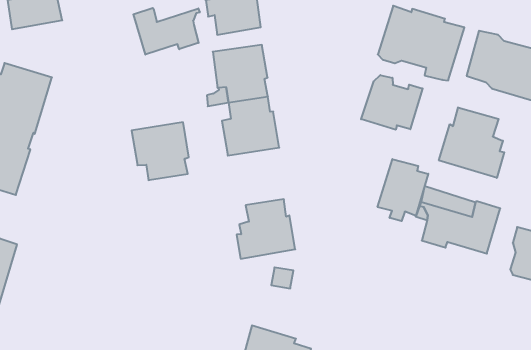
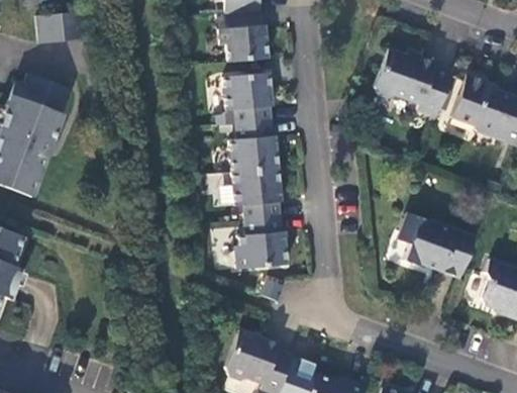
building: [133,8,200,55] -> none
building: [361,75,423,130] -> none
building: [439,107,504,178] -> none
building: [132,122,189,180] -> [229,170,280,220]
building: [378,159,428,221] -> none

